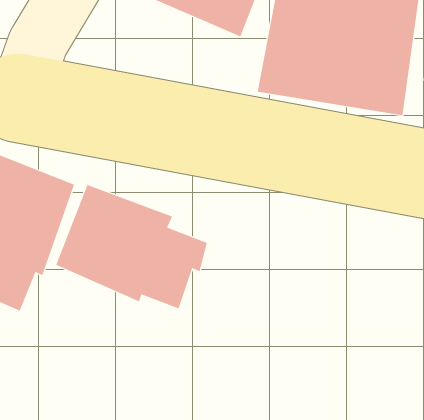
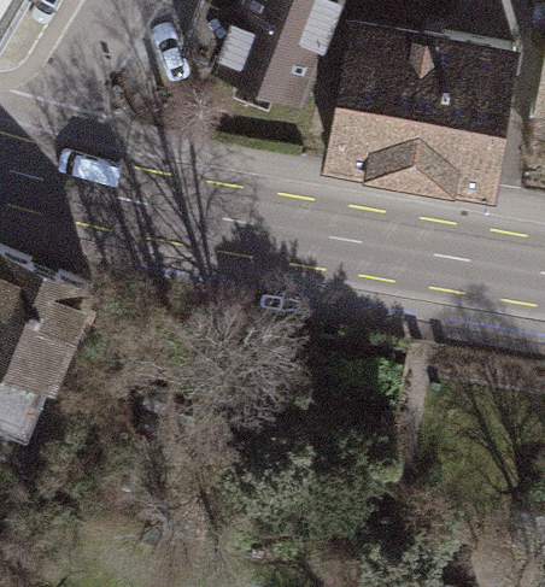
building: [55,184,208,309] -> none

